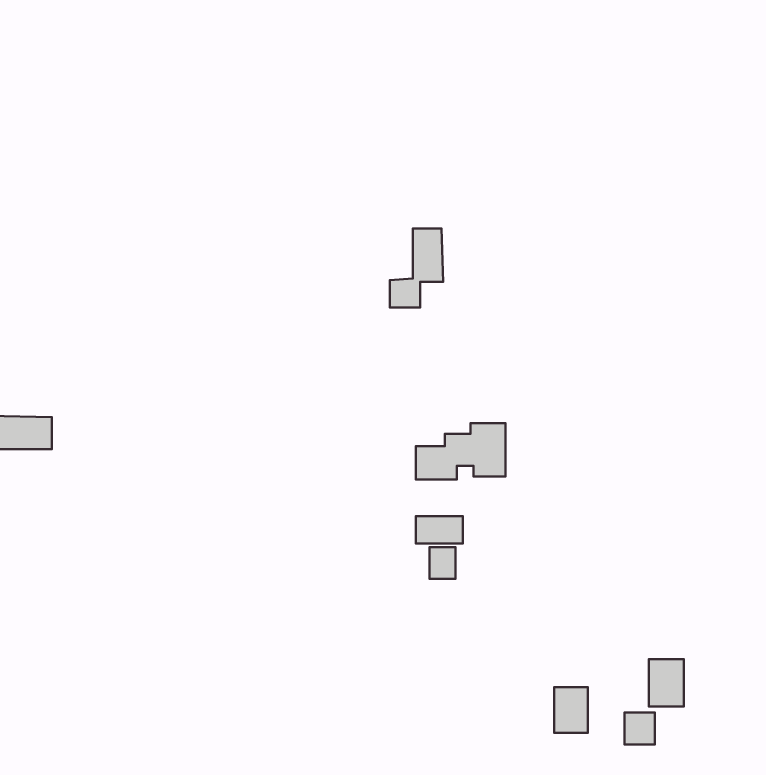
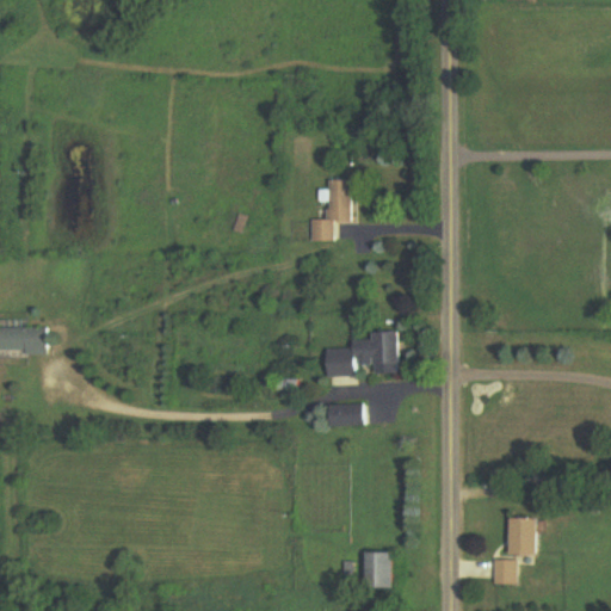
building: [430,547,455,579] -> none
building: [554,687,588,733] -> [368,550,394,586]

